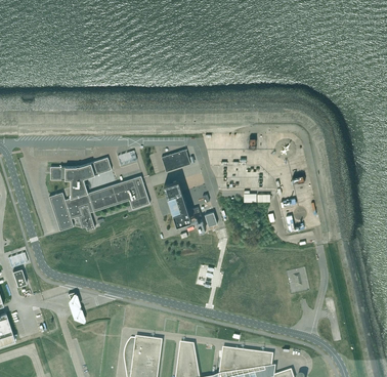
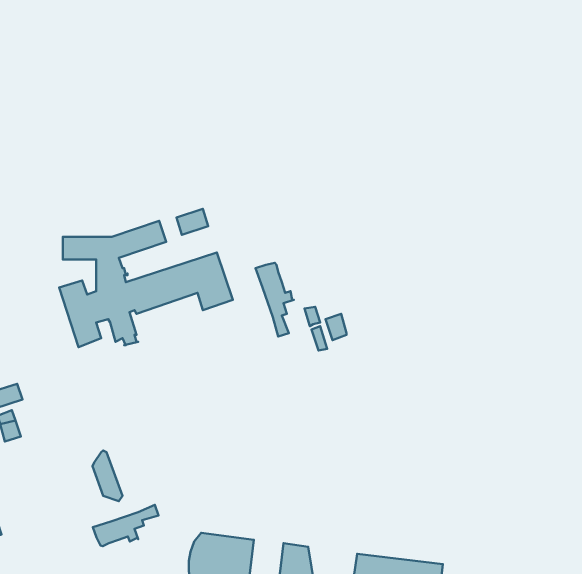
building: [161,150,189,172] -> none
building: none -> [93,505,159,546]

